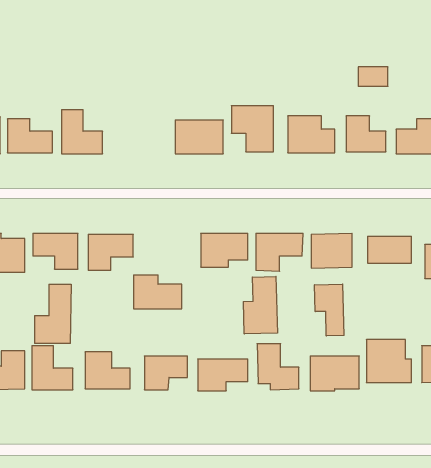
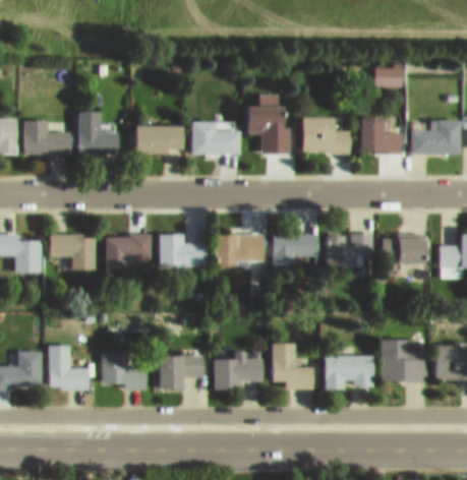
building: none -> [136,126,183,154]
building: [134,275,182,309] -> [159,233,207,266]
building: [243,276,277,334] -> none
building: [315,284,344,336] -> none
building: [35,284,71,343] -> none

